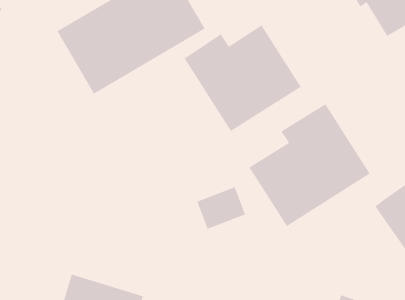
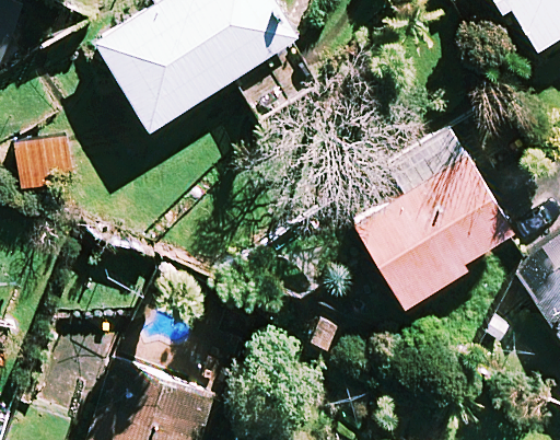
building: [184,24,301,132] -> none

